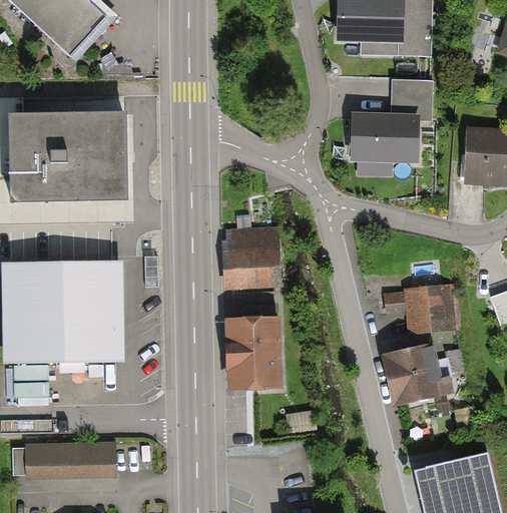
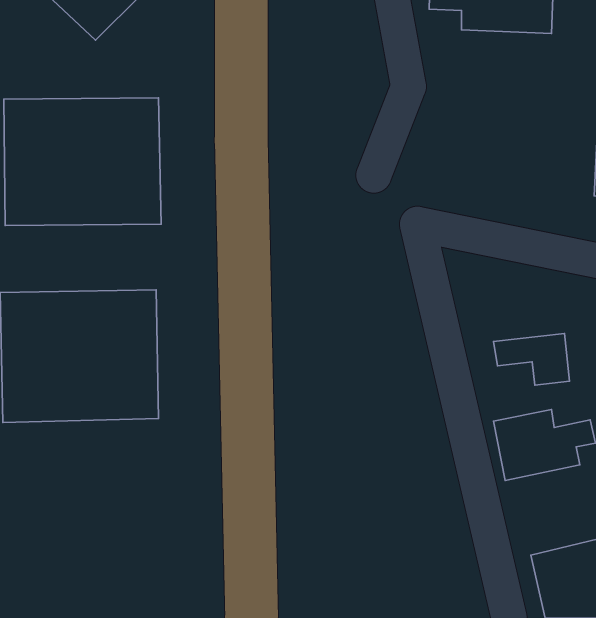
building: [349,78,432,175] -> none
building: [220,226,281,288] -> none
building: [224,313,282,390] -> none
building: [24,440,115,479] -> none

